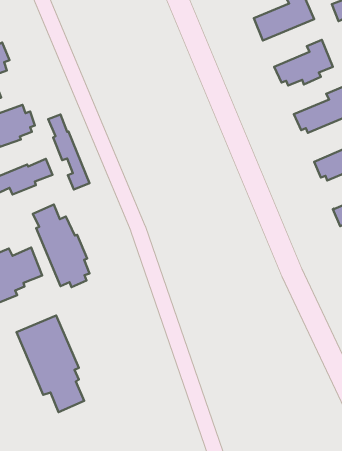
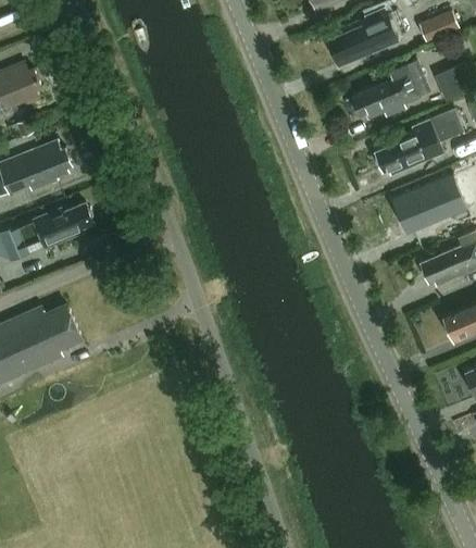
building: [48,114,90,189] -> none
building: [33,205,90,287] -> none
building: [17,315,84,412] -> none

